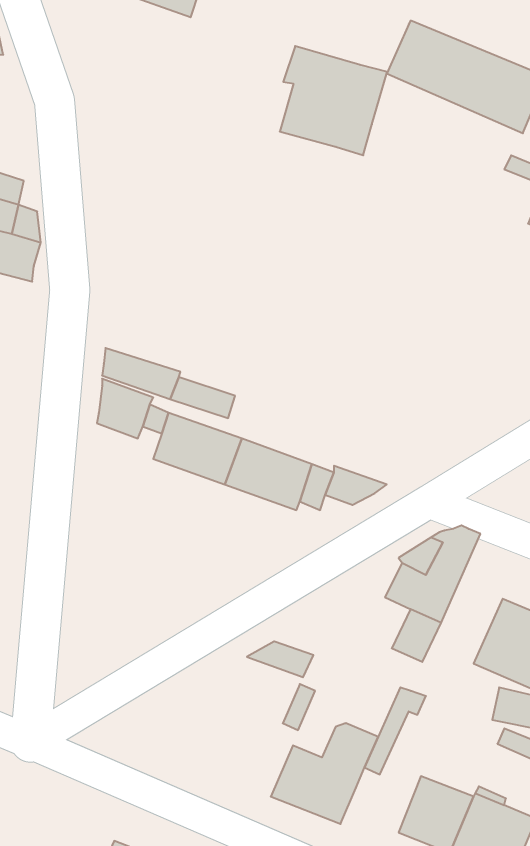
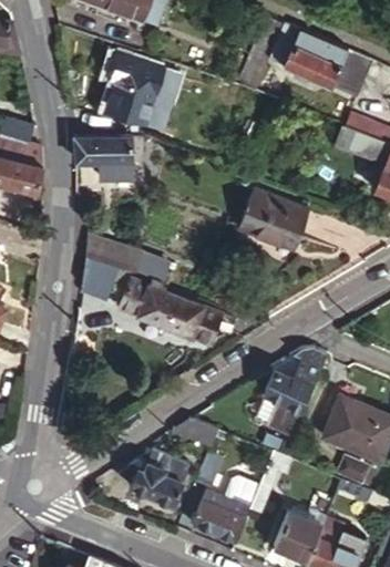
building: [280,46,387,155] -> [103,54,173,125]
building: none -> [72,136,138,178]
building: none -> [235,190,302,246]
building: none -> [129,451,188,507]

